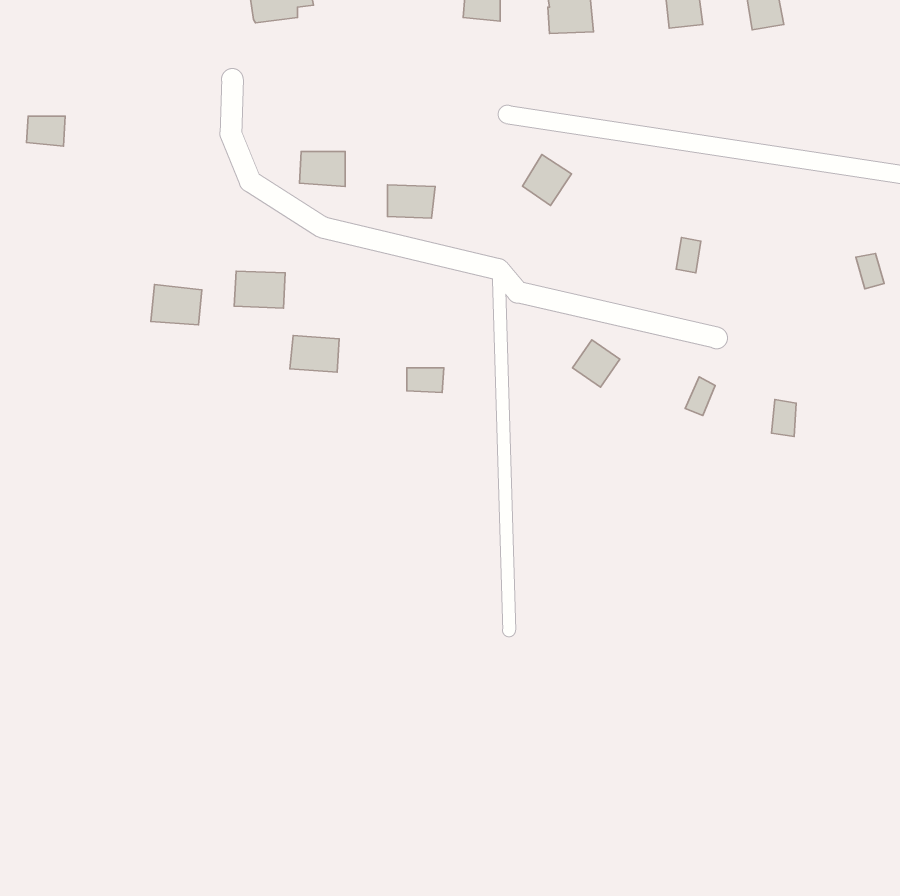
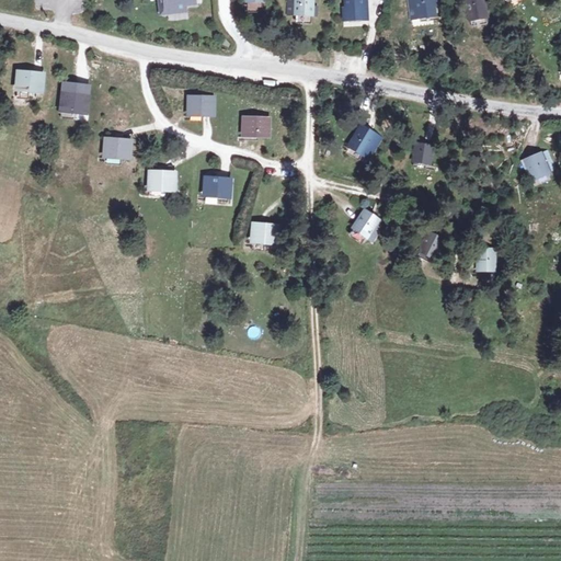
building: none -> [59,80,90,114]
building: [522,154,572,205] -> [352,128,382,160]
building: [151,284,202,325] -> [100,135,131,160]
building: [290,335,339,372] -> [202,174,232,197]

